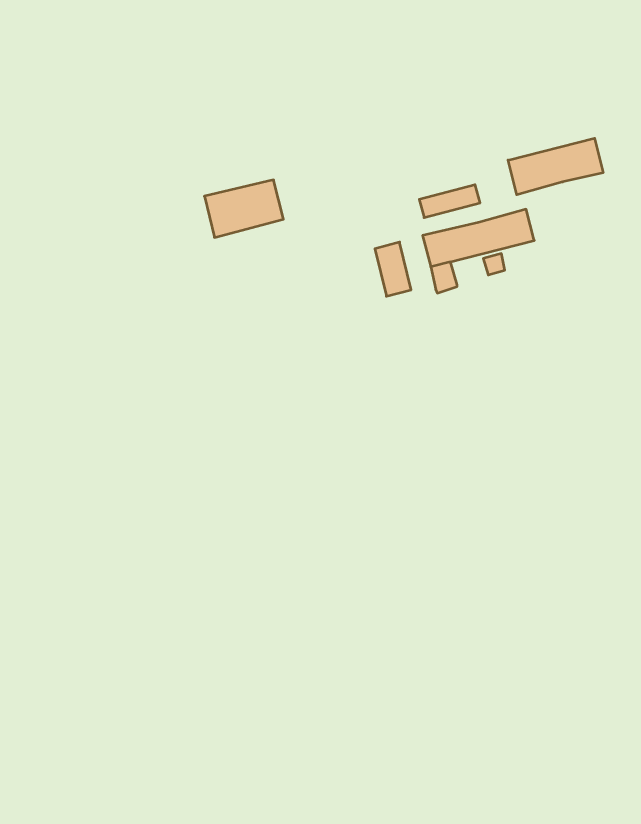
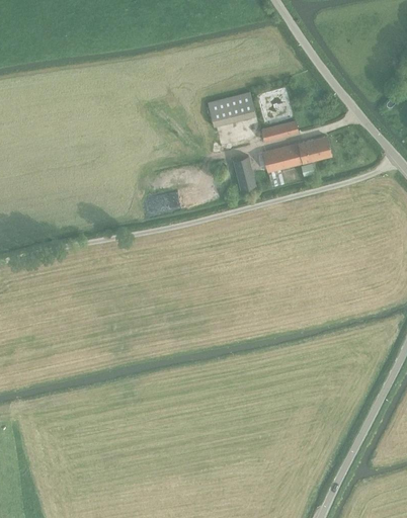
building: [508,138,603,195] -> none
building: [204,180,283,237] -> [208,91,256,126]

